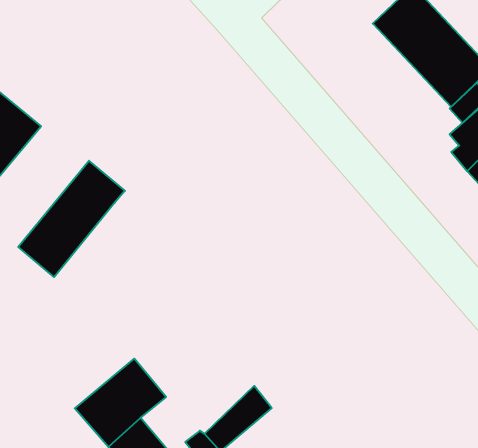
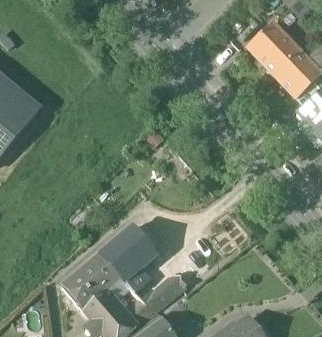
building: [18,161,125,277] -> none
building: none -> [99,224,156,291]

